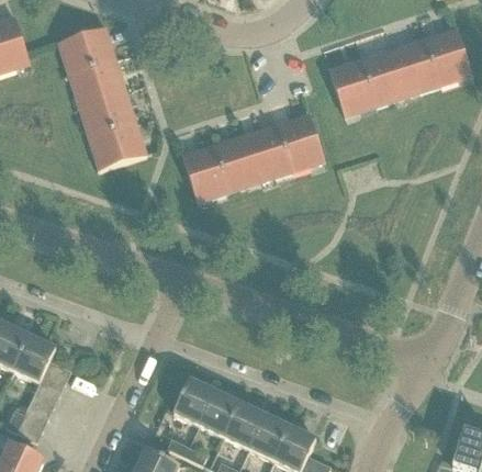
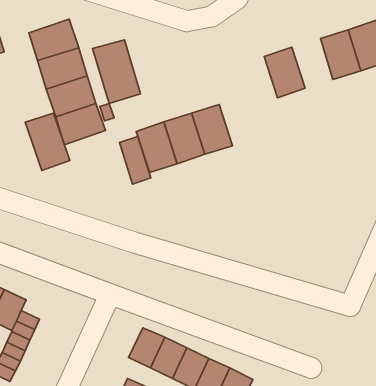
building: [360,47,407,104] -> none
building: none -> [93,40,140,104]
building: [277,112,324,170] -> none
building: none -> [25,113,70,170]
building: none -> [119,136,151,184]

